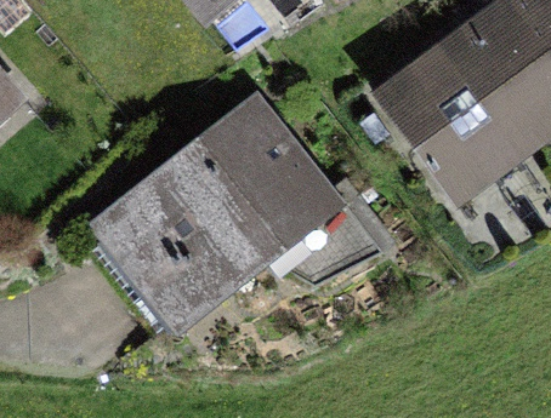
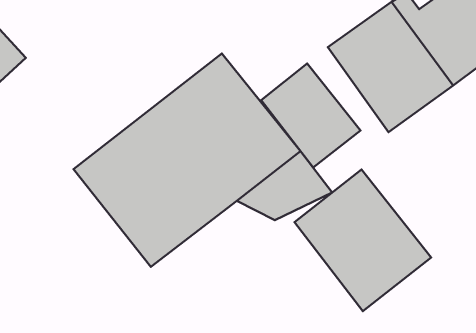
building: none -> [261,64,360,168]
building: none -> [294,169,431,311]

